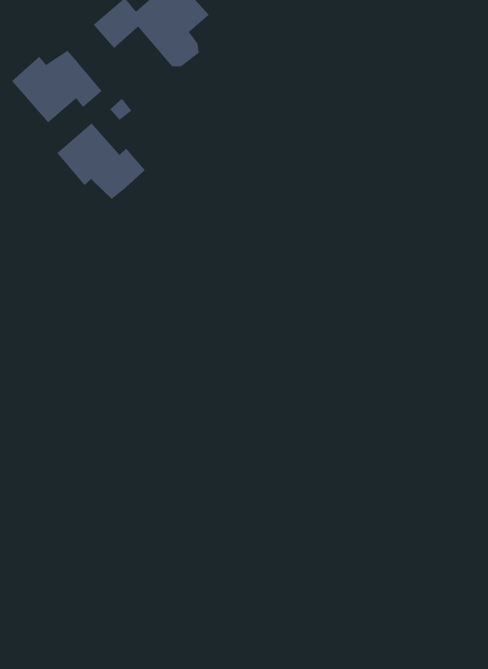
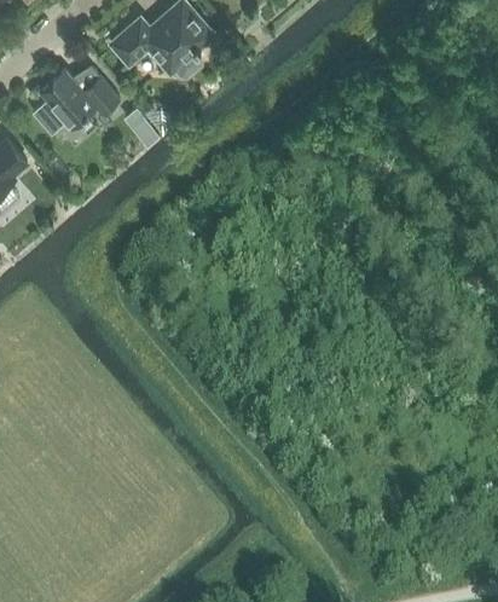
building: [56,122,146,200] -> none

